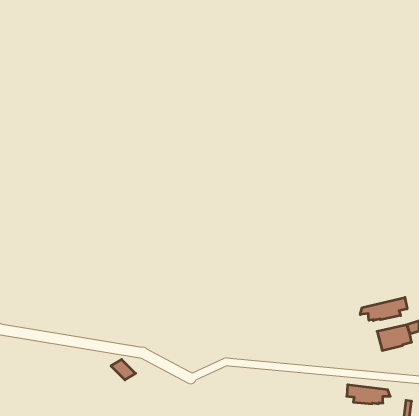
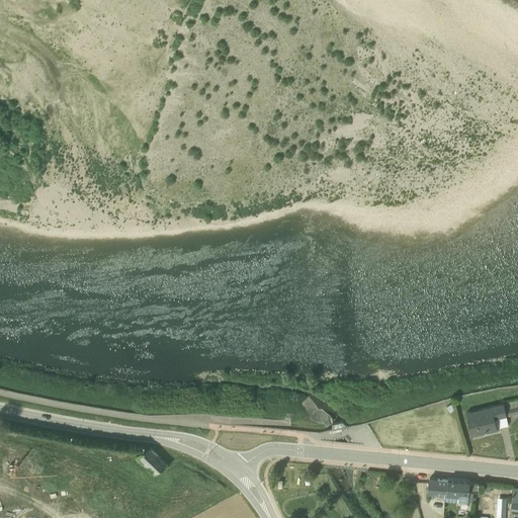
building: [360,297,407,321] -> none

